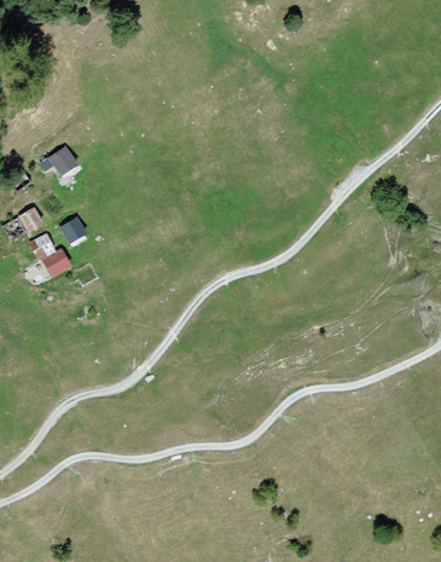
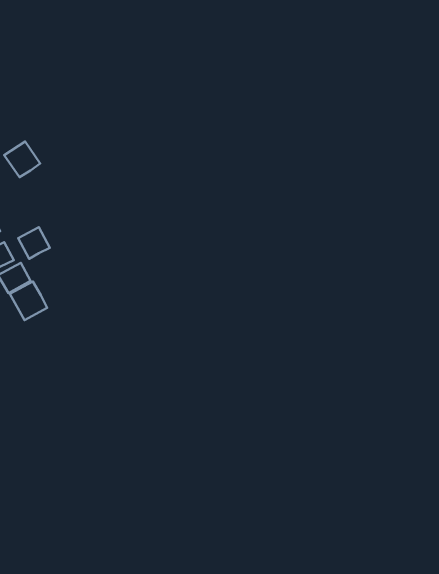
building: none -> [10,282,47,320]

